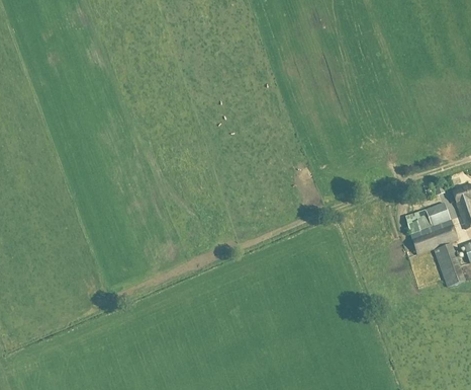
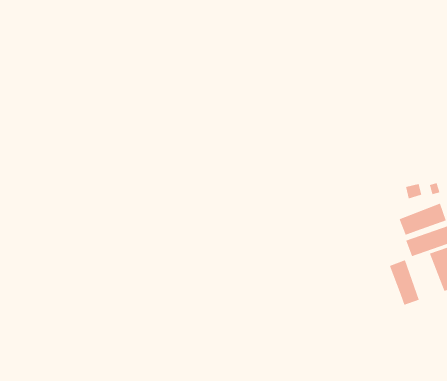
building: none -> [389,259,420,306]

